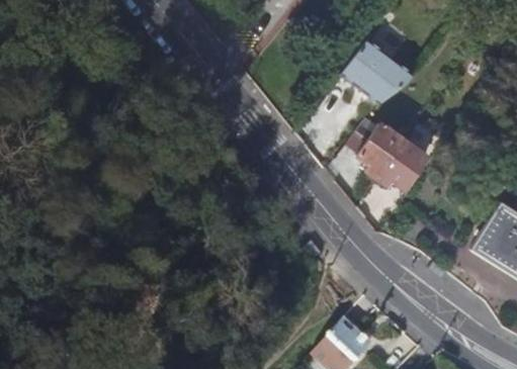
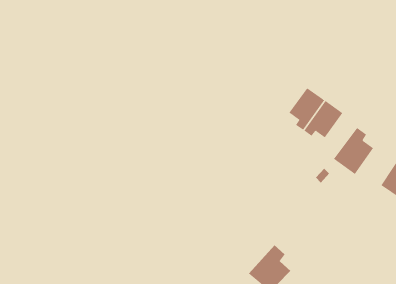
building: [342,39,413,109] -> none
building: none -> [333,127,374,175]

